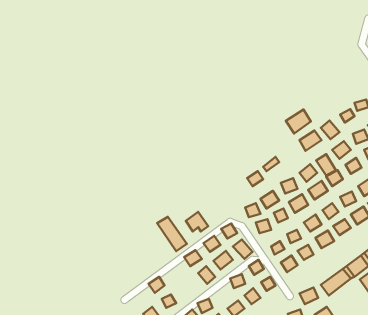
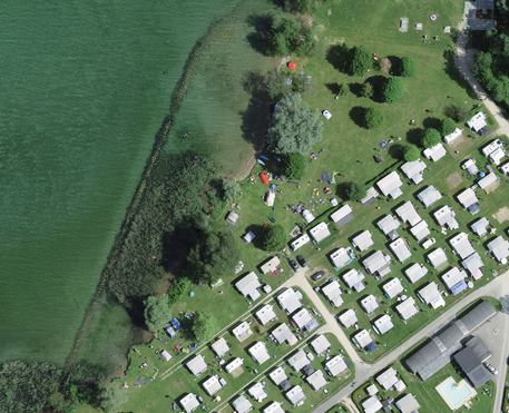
building: [286,109,311,133] -> none
building: [157,217,187,251] -> none

